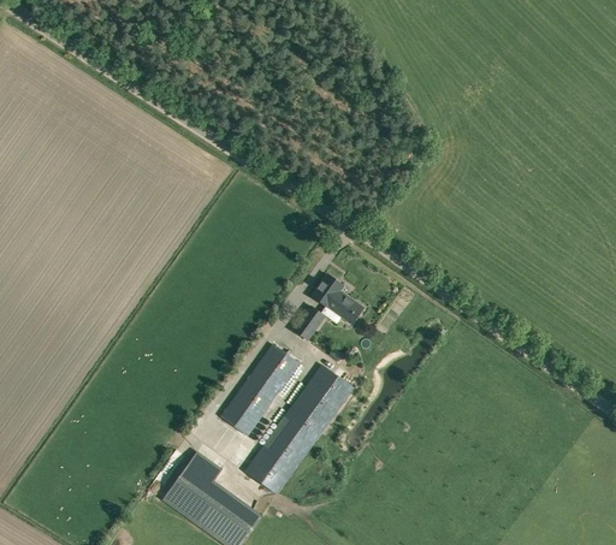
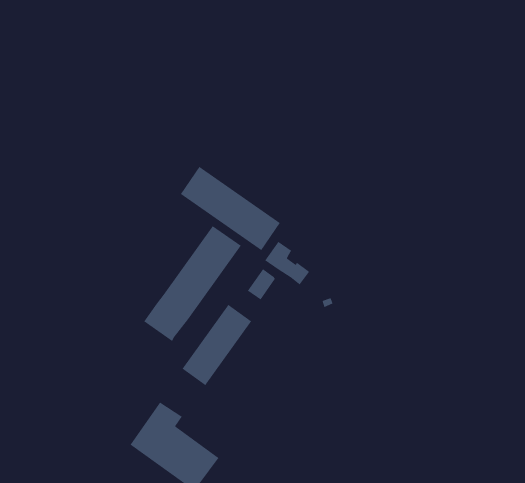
building: none -> [180,166,281,251]
building: [245,365,355,494] -> [143,225,242,342]

